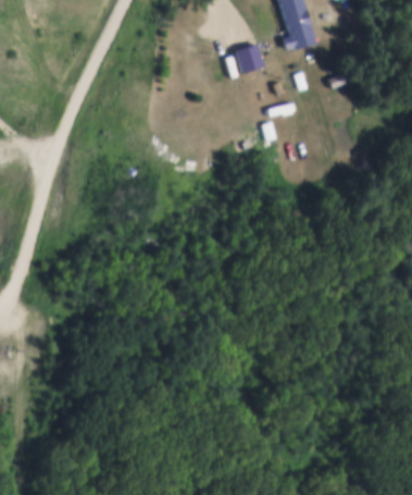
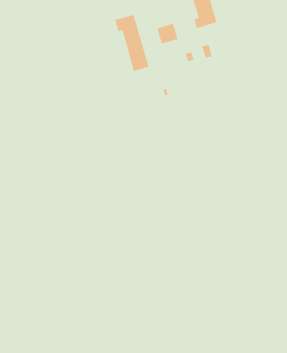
building: none -> [114,14,149,72]

